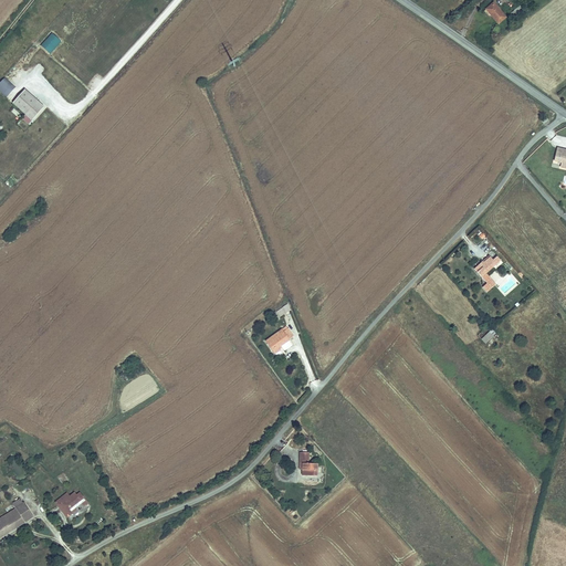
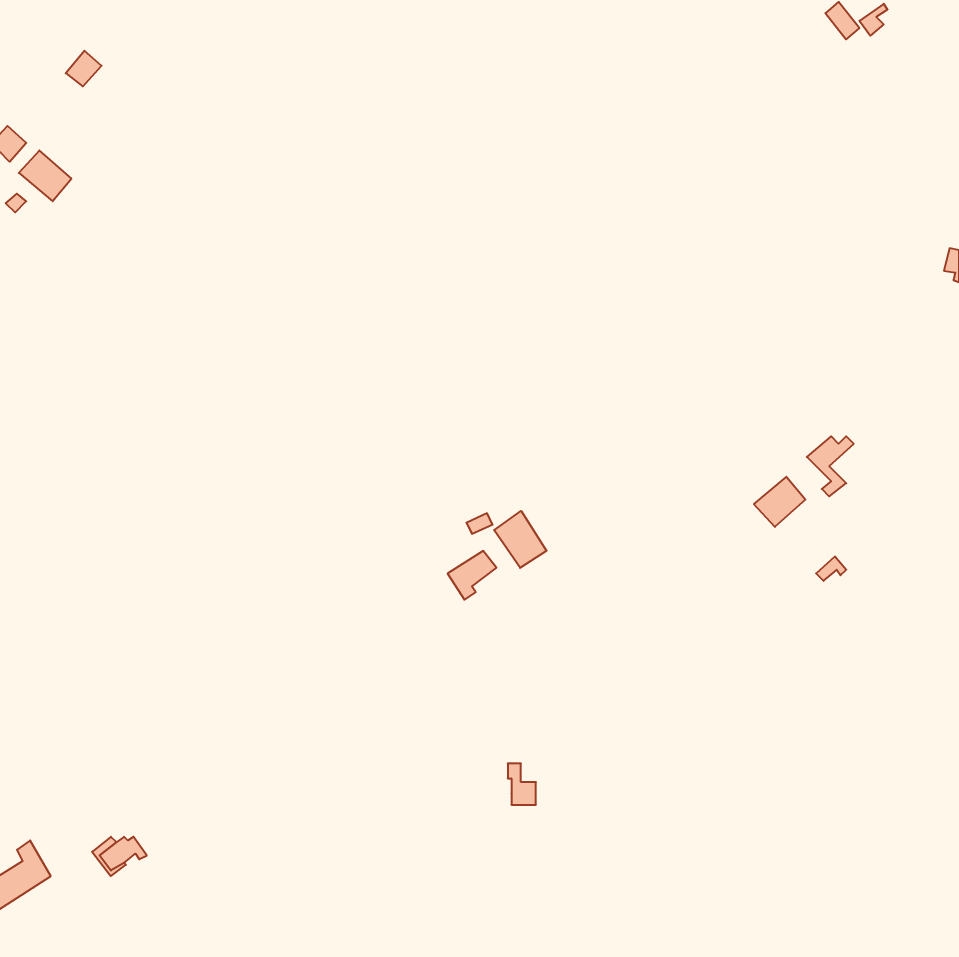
building: none -> [754,477,805,527]
building: none -> [494,511,547,568]

